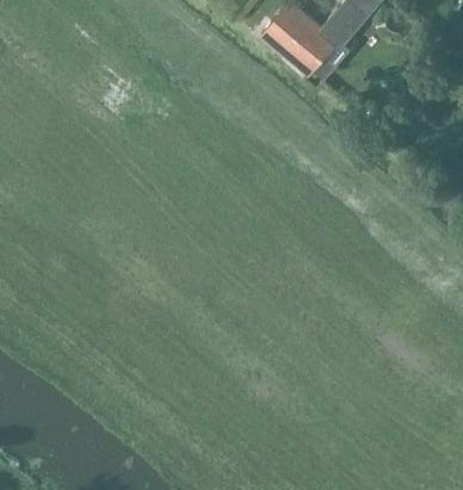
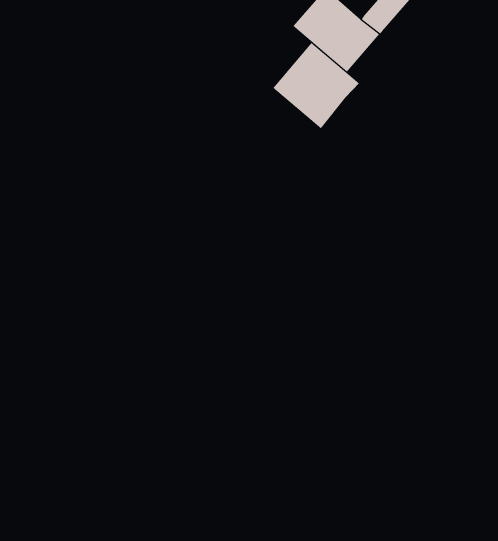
building: none -> [272,42,360,129]

